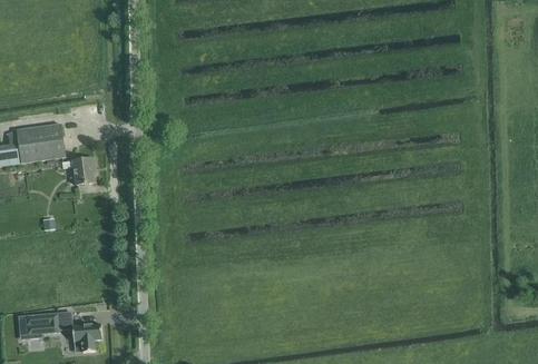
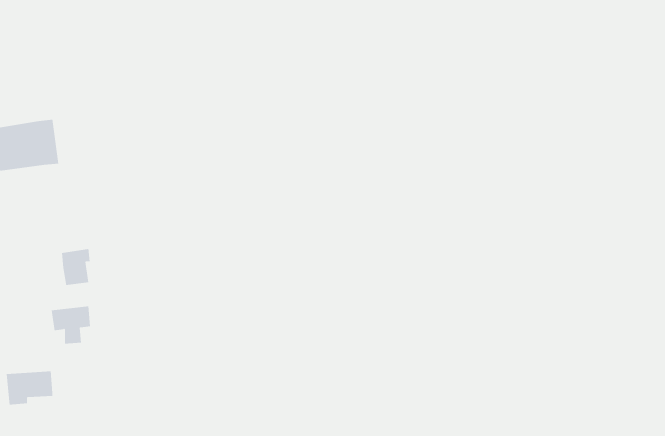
building: [72,157,95,185] -> [61,249,91,286]
building: [71,323,101,352] -> [51,306,91,344]

